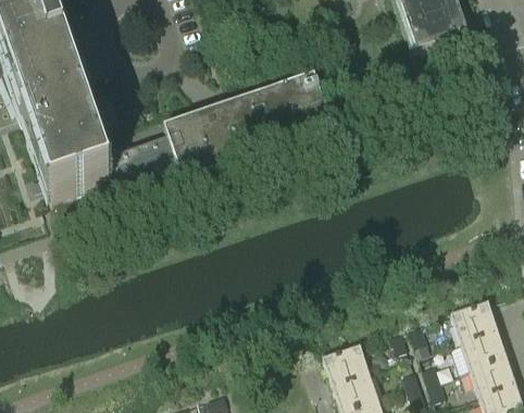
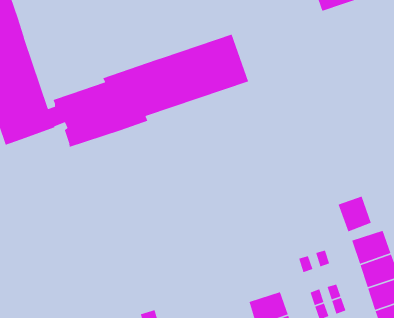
building: none -> [338,196,372,233]
building: [322,343,369,383] -> none

